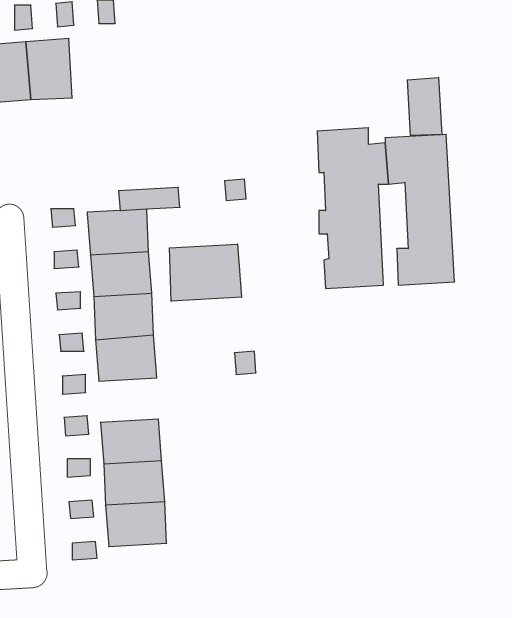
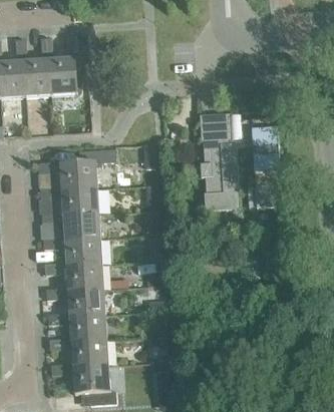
building: none -> [48,56,76,94]
building: [407,77,442,135] -> none
building: [169,244,241,301] -> none
building: none -> [66,264,102,291]
building: none -> [72,364,116,404]

